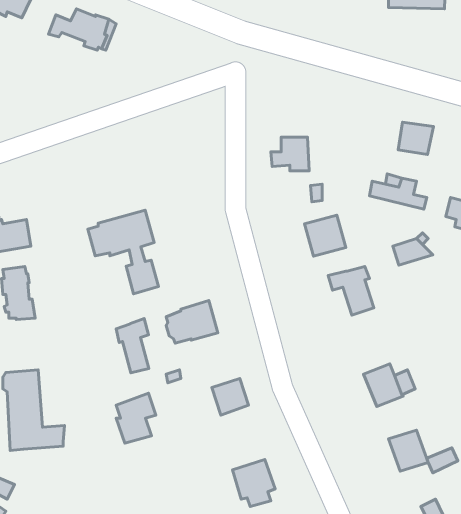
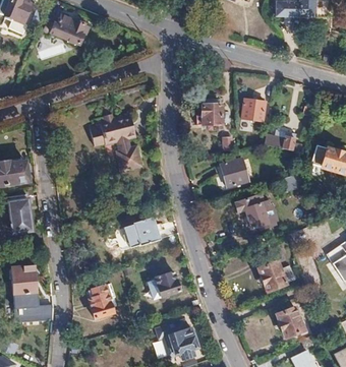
building: [398,122,433,154] -> [240,99,265,121]
building: [88,210,159,294] -> [89,114,137,172]
building: [116,319,149,373] -> none

